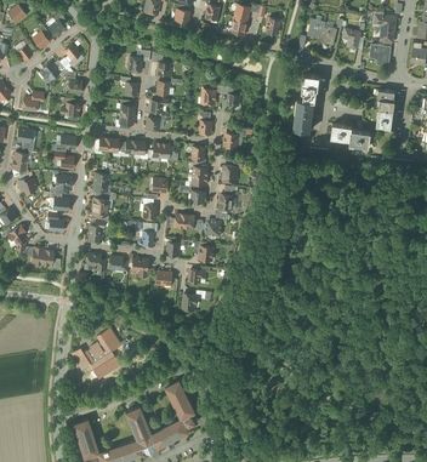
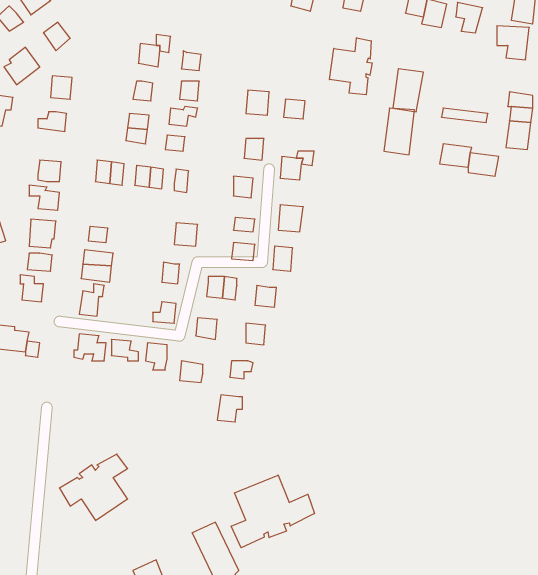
building: none -> [330,38,372,95]
building: none -> [231,475,314,548]

